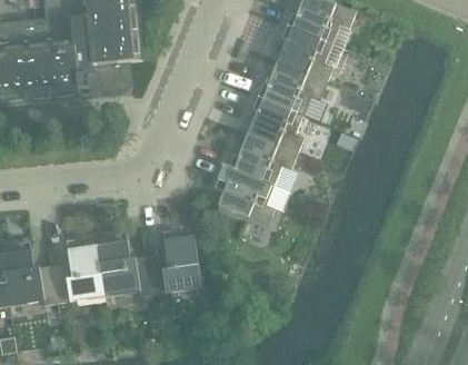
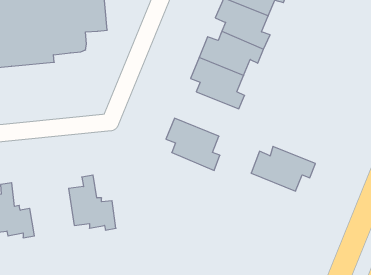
building: [221,132,297,185] -> [251,146,315,191]
building: [148,228,201,293] -> none
building: [51,238,103,302] -> none

